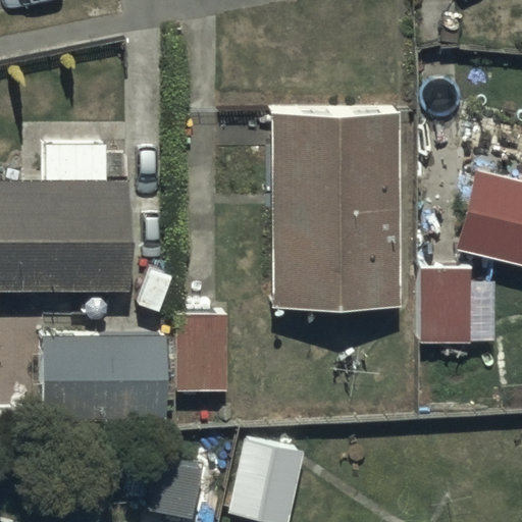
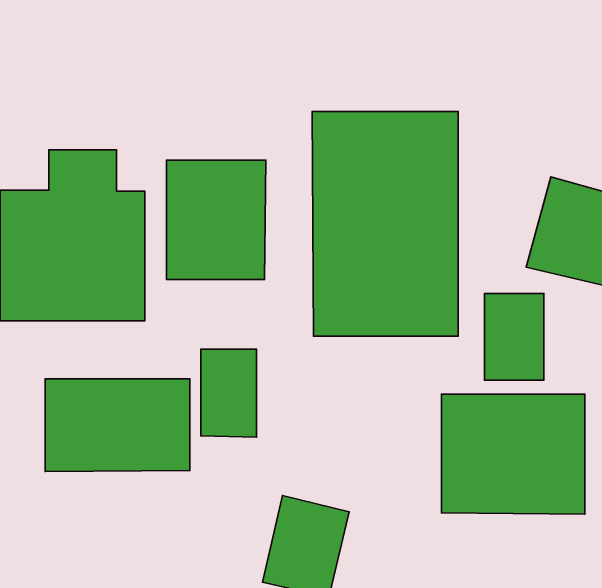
building: none -> [166,160,266,280]
building: none -> [441,394,585,514]

